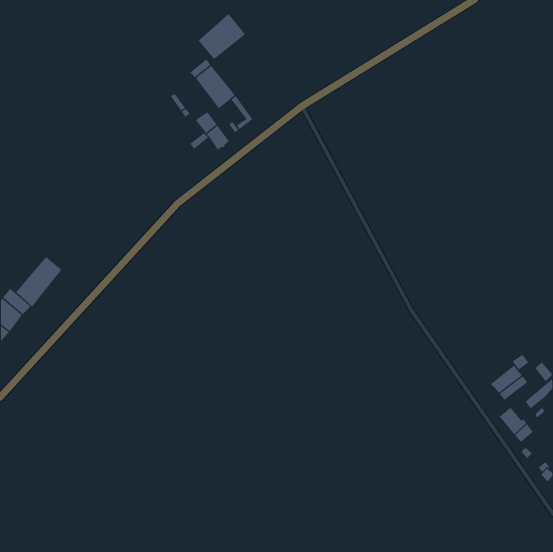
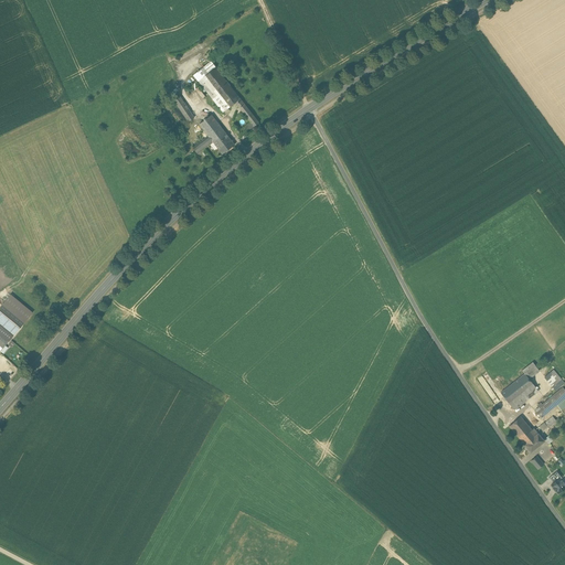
building: [198,13,246,60] -> none
building: [15,256,62,307] -> none

